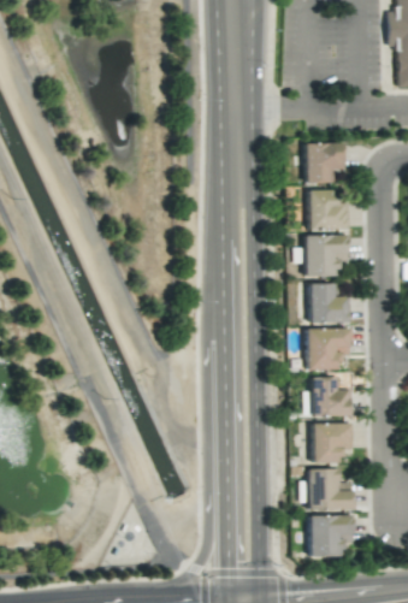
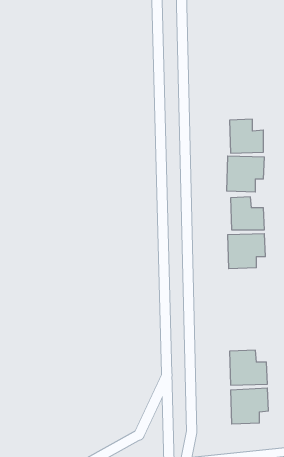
building: [306,143,348,184] -> none
building: [306,378,355,418] -> none
building: [313,424,355,465] -> none

